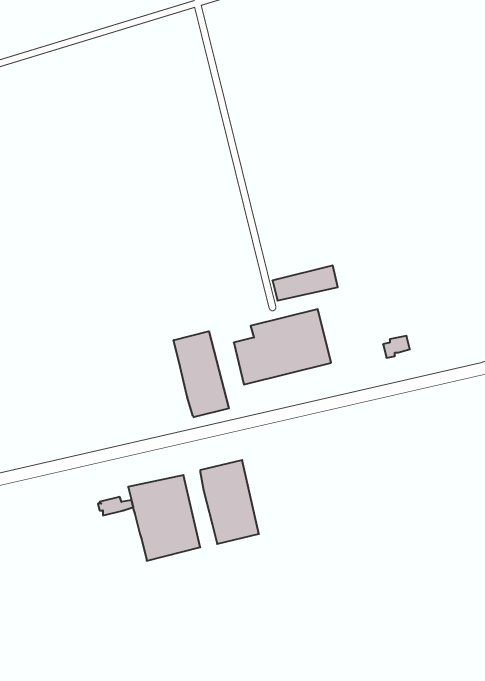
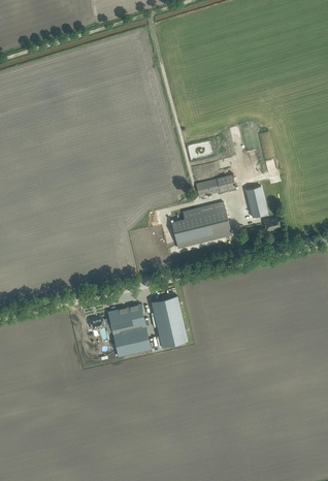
building: none -> [244,186,264,217]
building: [174,331,229,417] -> none

